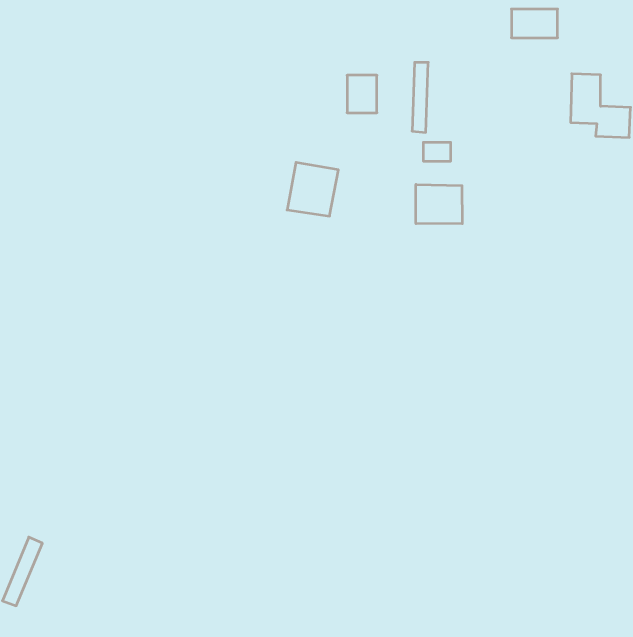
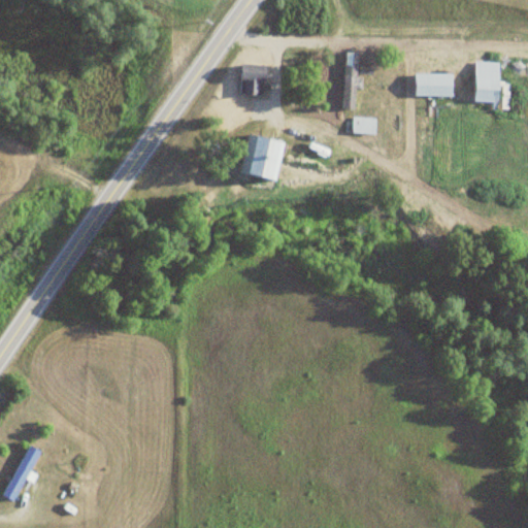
building: [511,9,558,38] -> [416,73,454,97]
building: [347,75,377,113] -> [241,63,266,94]
building: [416,184,462,224] -> none

